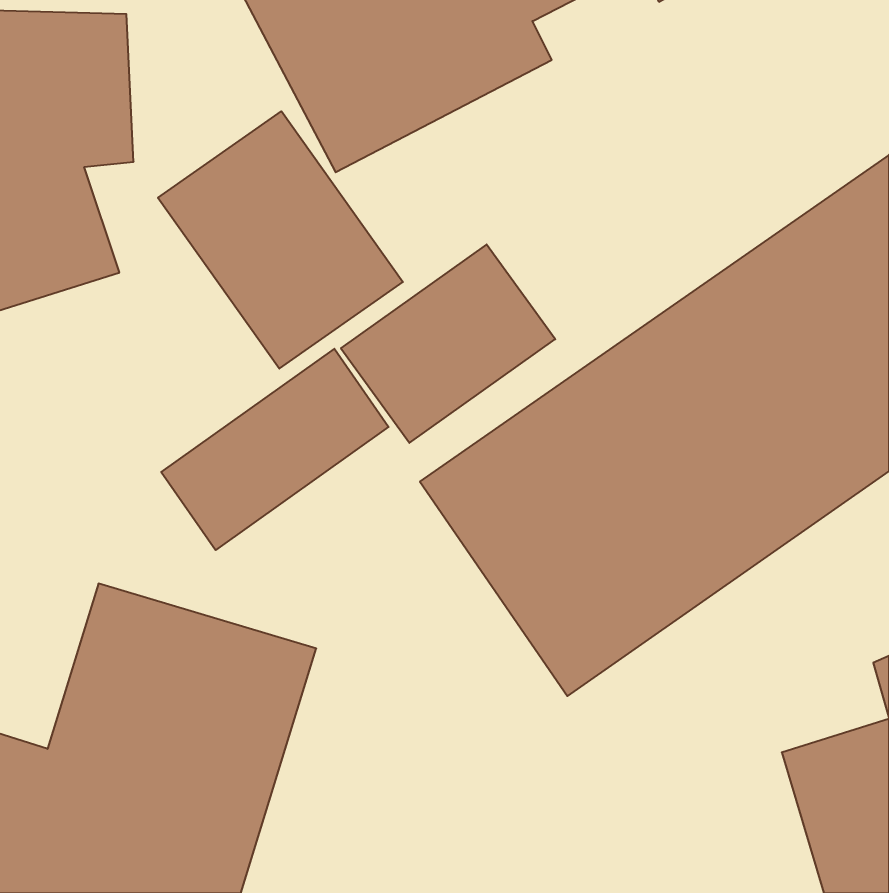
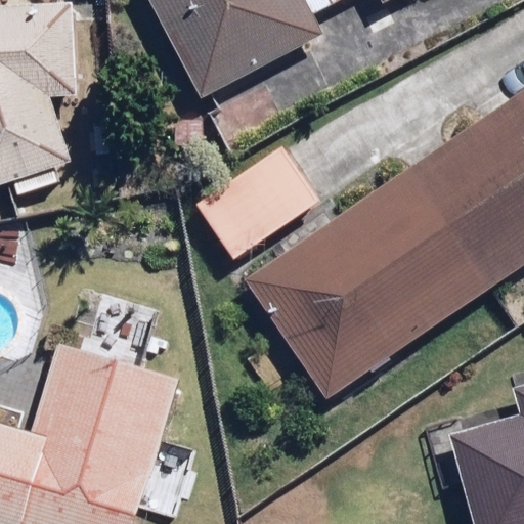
building: [158,111,403,369] -> none
building: [161,349,389,550] -> none

